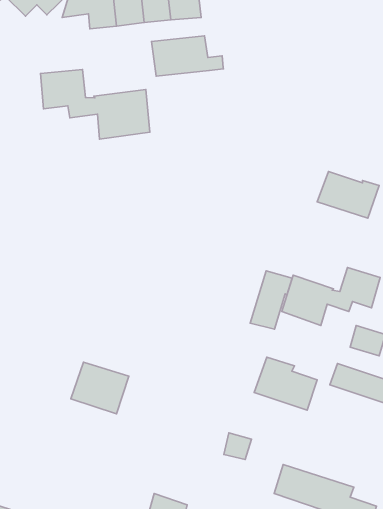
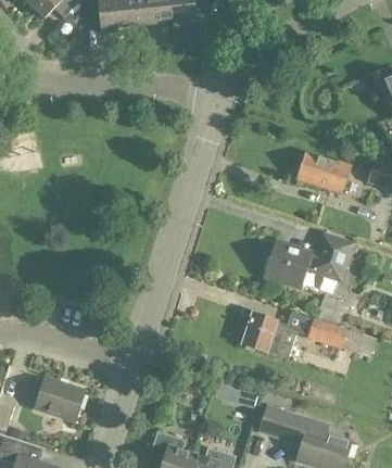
building: [152,36,223,76] -> none
building: [41,69,150,139] -> none
building: [250,271,292,329] -> none
building: [71,362,129,414] -> [35,377,85,421]

